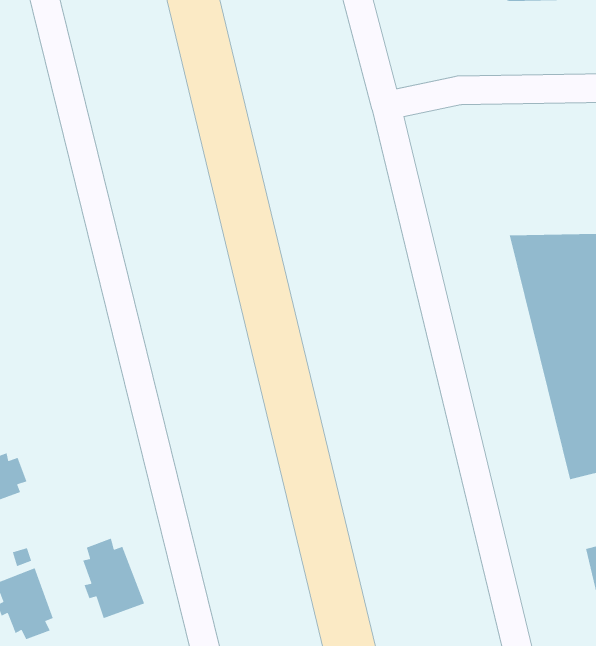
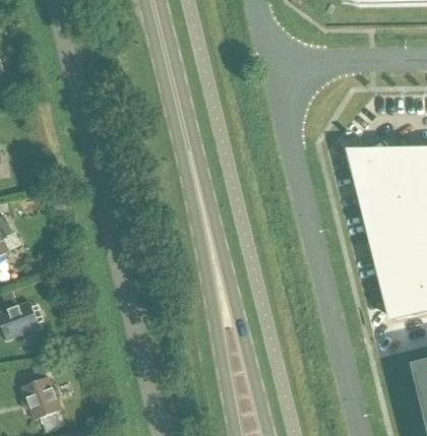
building: [82,537,145,619] -> none

